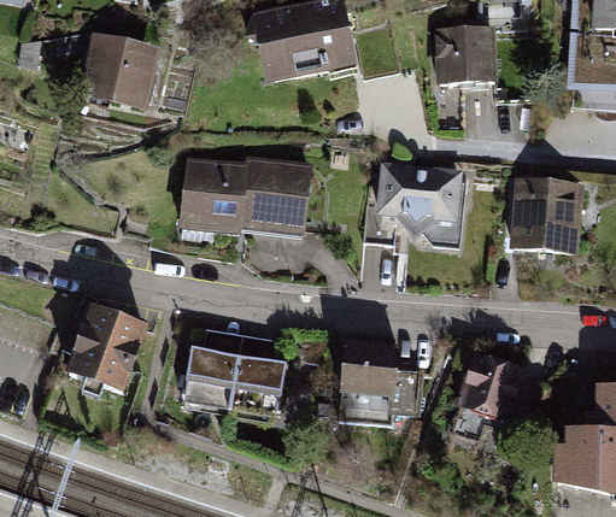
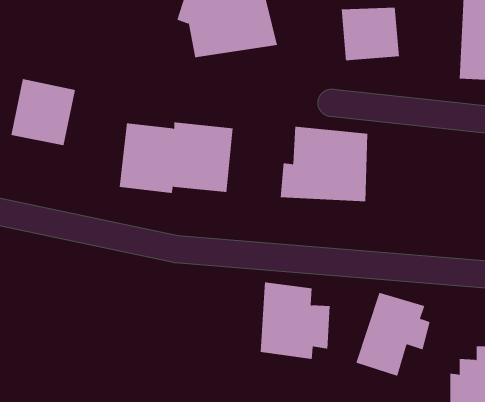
building: [82,31,157,108] -> [11,78,76,146]
building: [510,177,582,254] -> none
building: [64,305,146,396] -> none
building: [186,328,292,415] -> none

